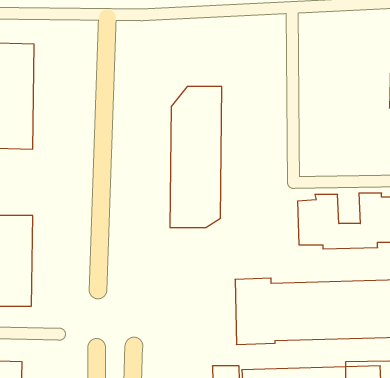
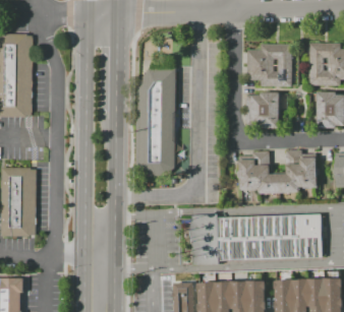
building: none -> [245,43,291,85]
building: none -> [247,91,279,127]

